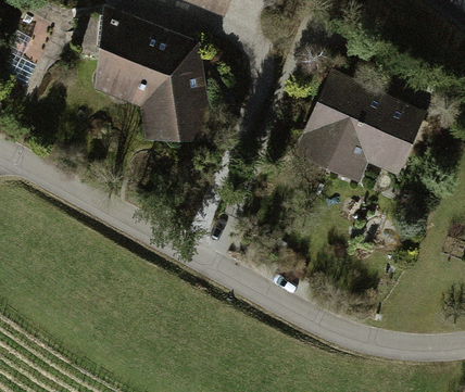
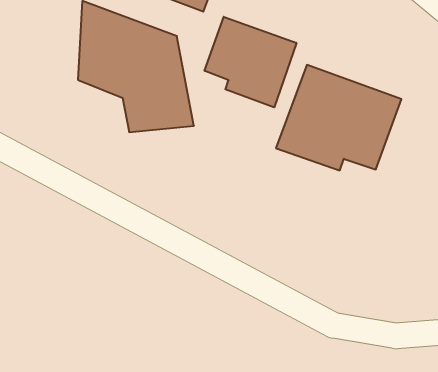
building: none -> [205,17,296,107]

